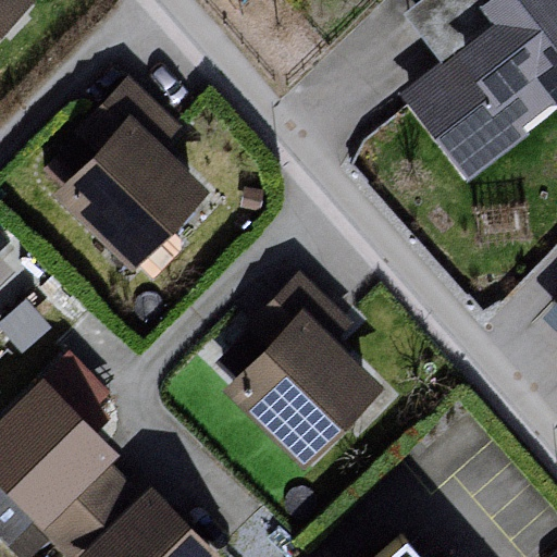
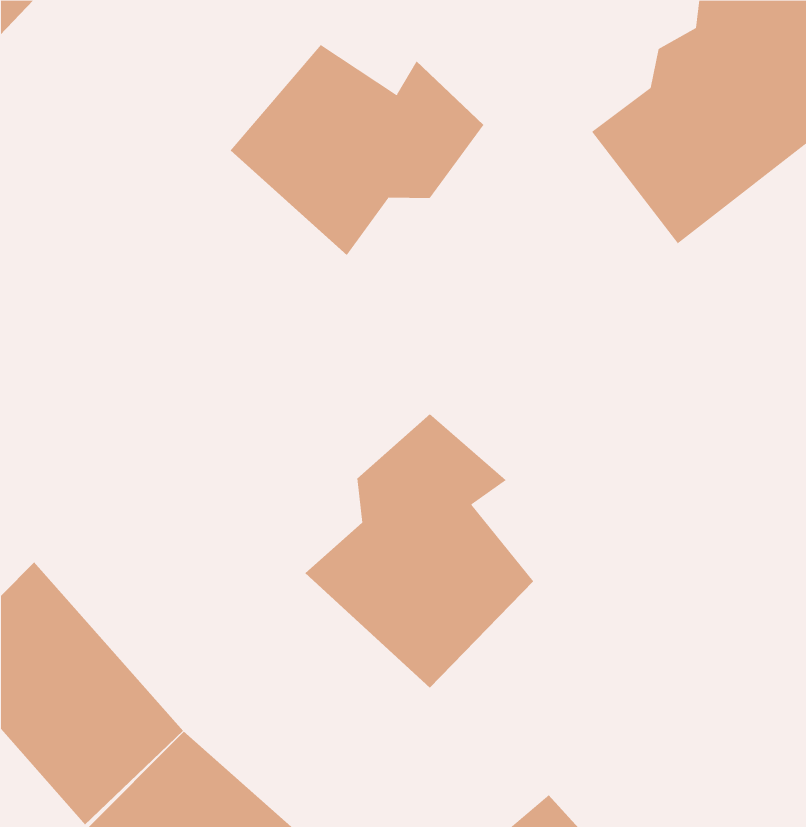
building: none -> [230,44,484,256]
building: [48,117,208,278] -> none

